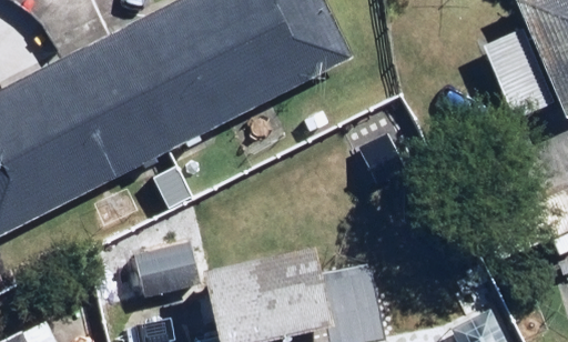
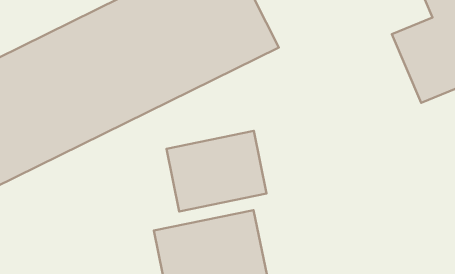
building: none -> [166,131,266,211]

